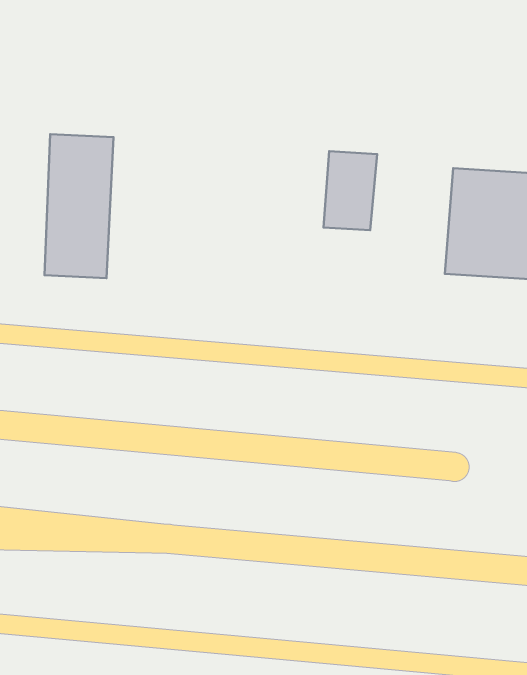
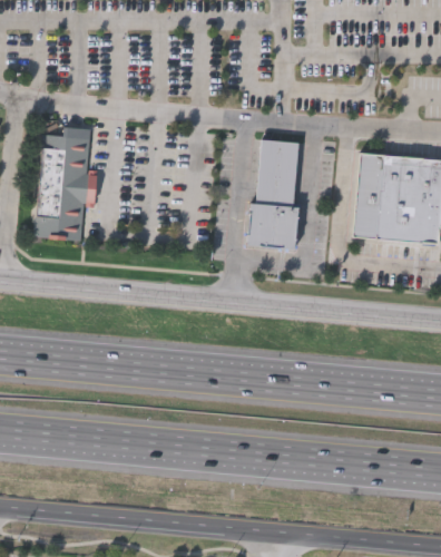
building: none -> [247,203,296,247]

